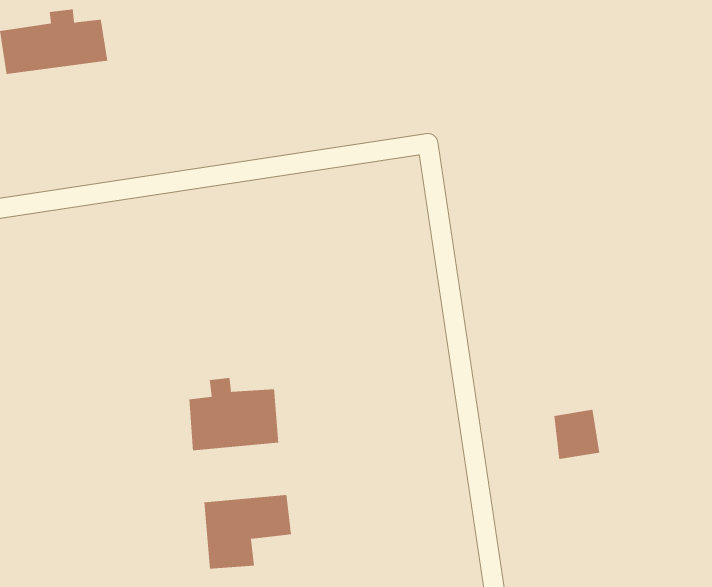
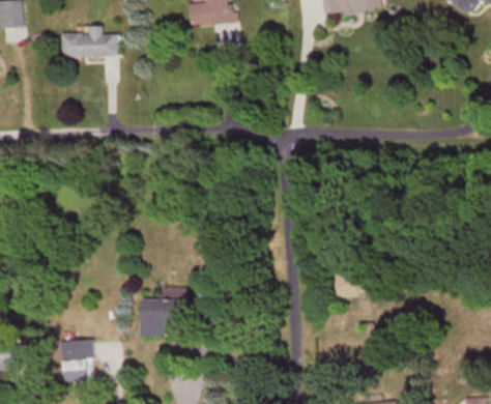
building: [189,377,279,451] -> none

